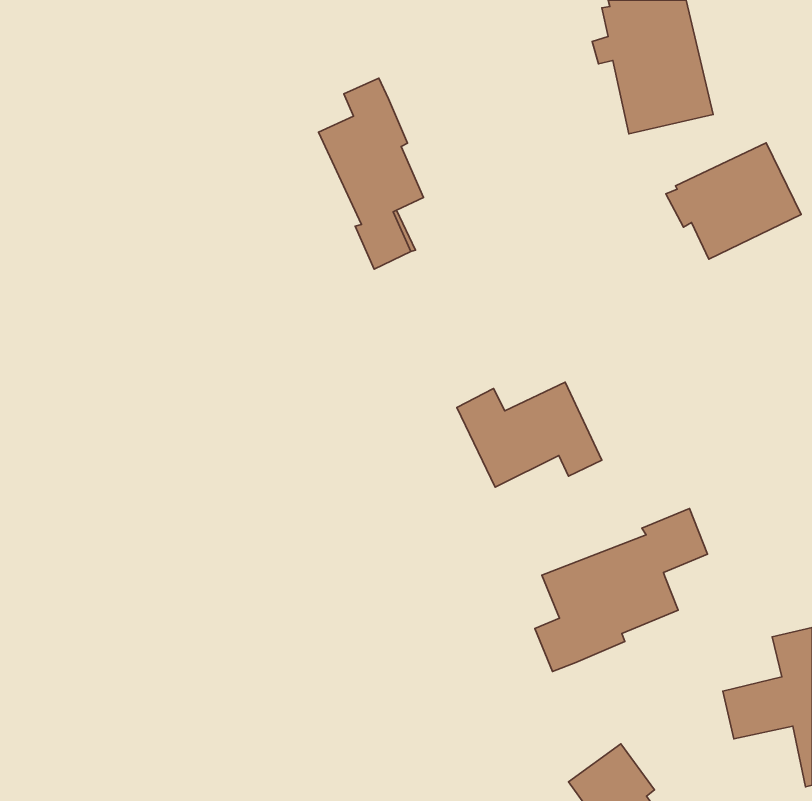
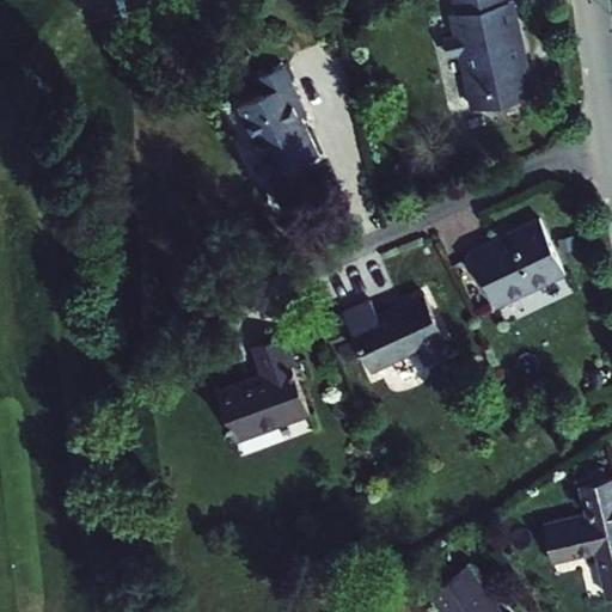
building: [666,143,801,259] -> [465,222,567,310]
building: none -> [218,337,310,442]
building: [535,509,707,671] -> none

